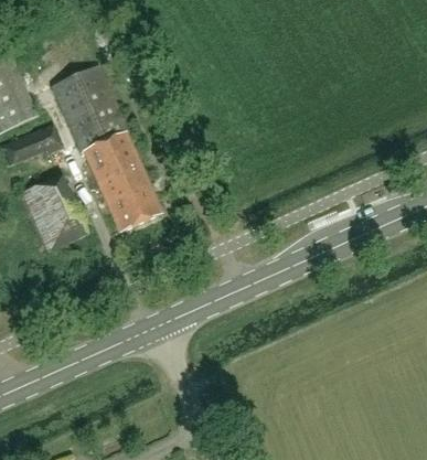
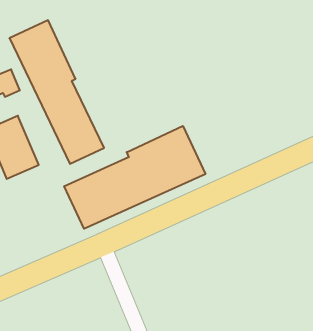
building: none -> [64,126,205,229]

